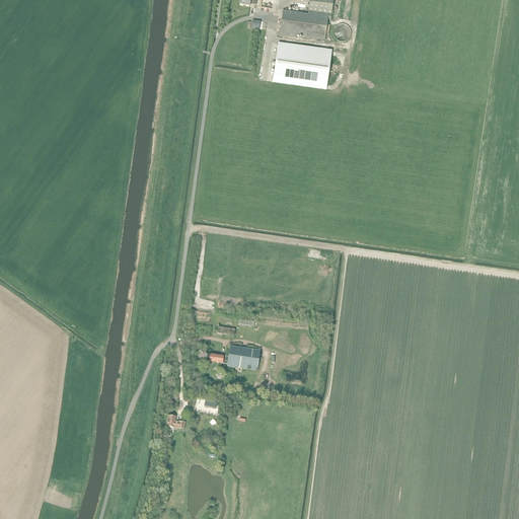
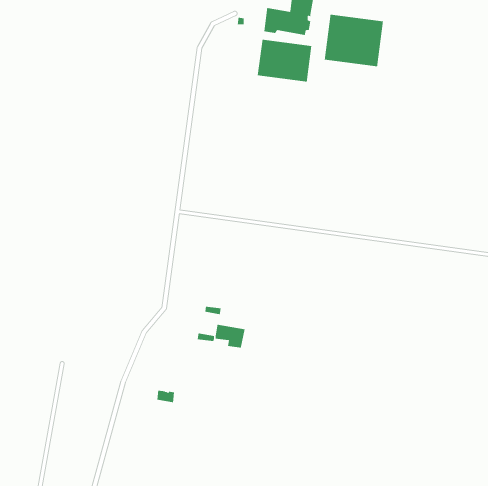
building: none -> [324,14,384,67]

